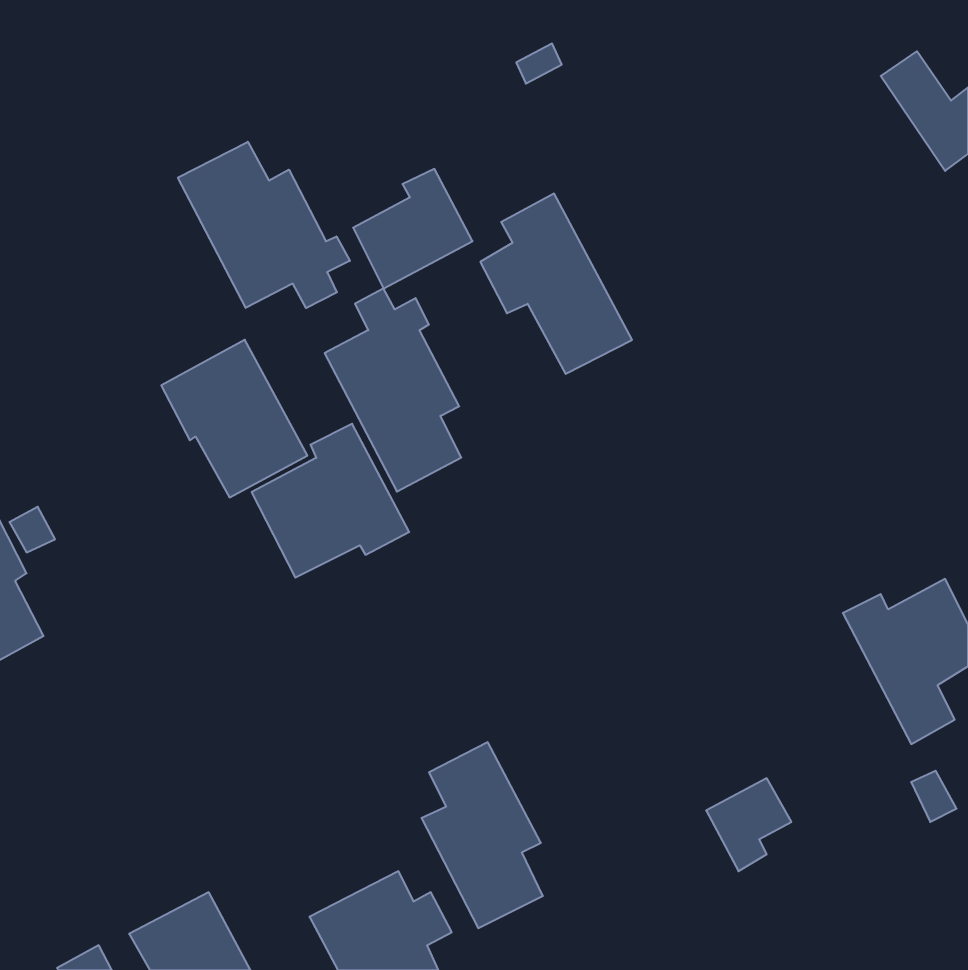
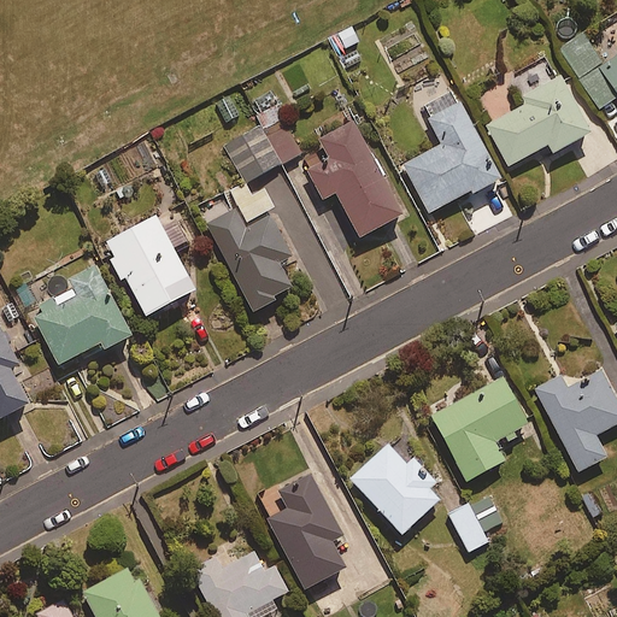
building: none -> [487,74,592,166]
building: [178,142,350,308] -> none
building: none -> [404,102,499,213]
building: [252,424,409,578] -> [31,266,131,364]
building: none -> [431,377,528,481]
building: none -> [351,445,439,535]

